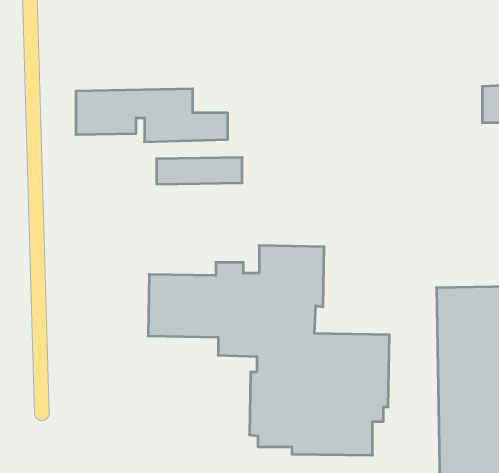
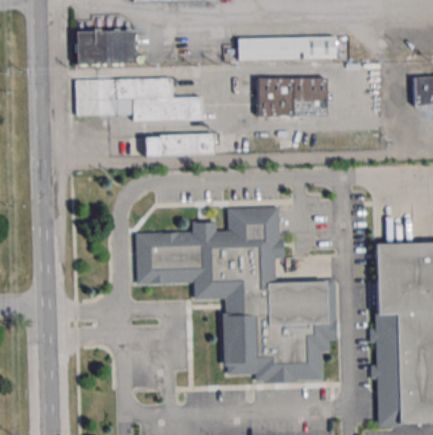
building: none -> [75,28,136,64]
building: none -> [238,36,336,59]
building: none -> [257,77,326,116]

